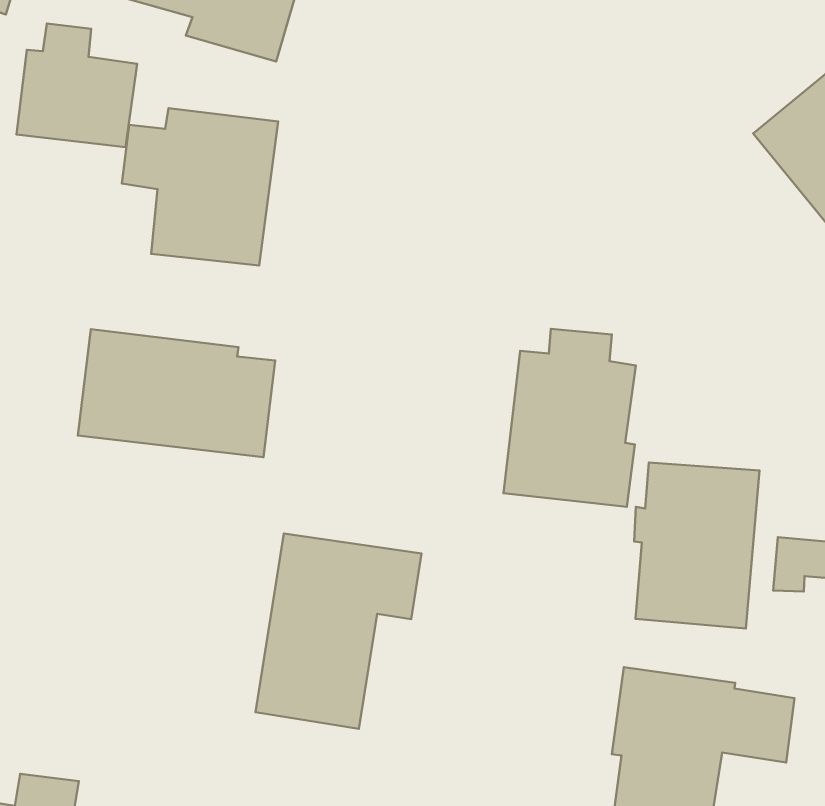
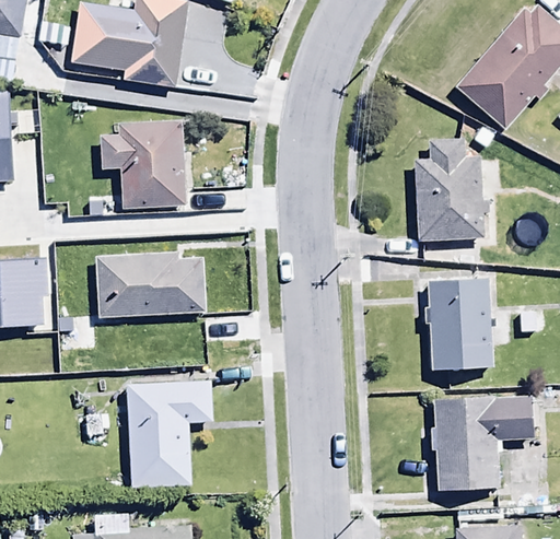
building: [16,23,137,147] -> none
building: [503,329,636,507] -> [413,143,488,243]
building: [255,533,422,729] -> [131,380,211,485]

